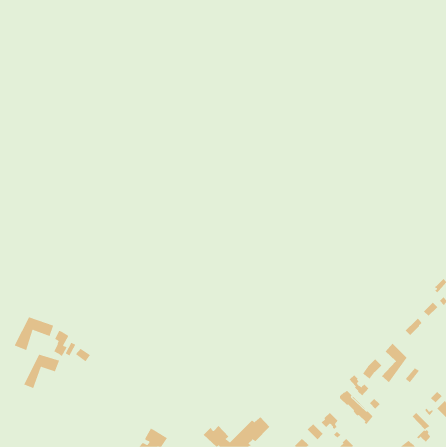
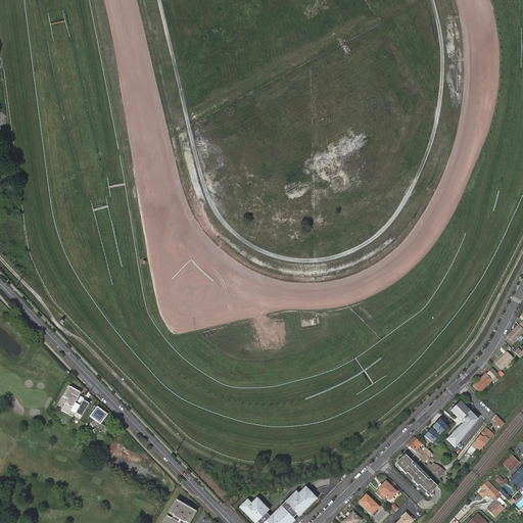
building: [14,316,54,351] -> none
building: [23,354,60,389] -> none

